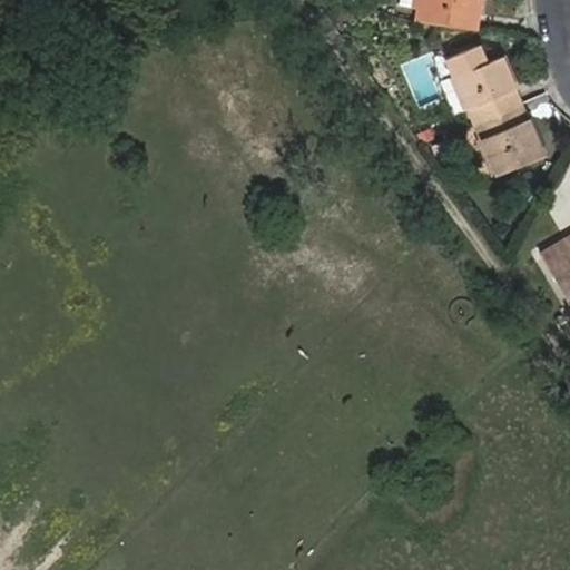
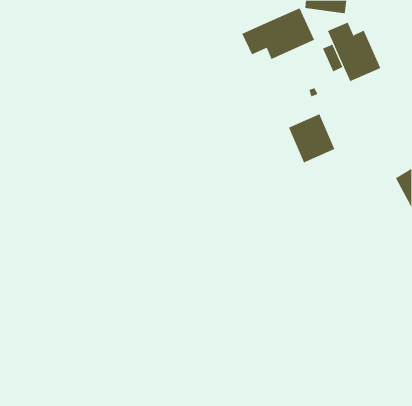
building: none -> [242,8,315,60]
building: [481,105,546,173] -> [288,114,335,163]

